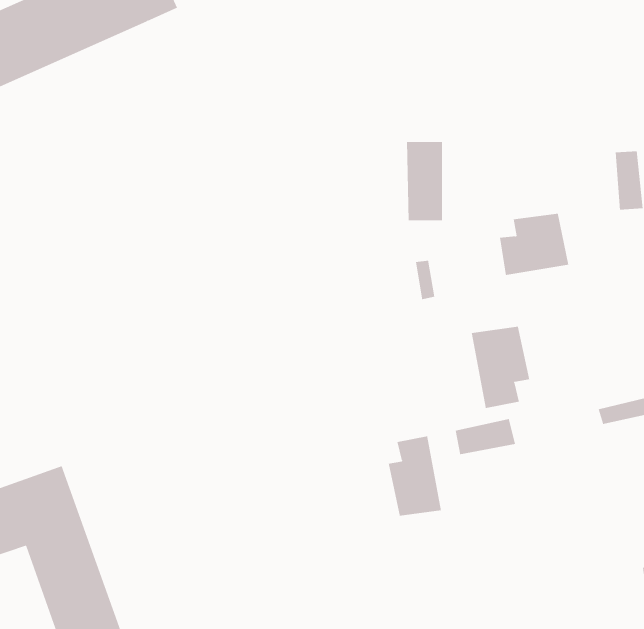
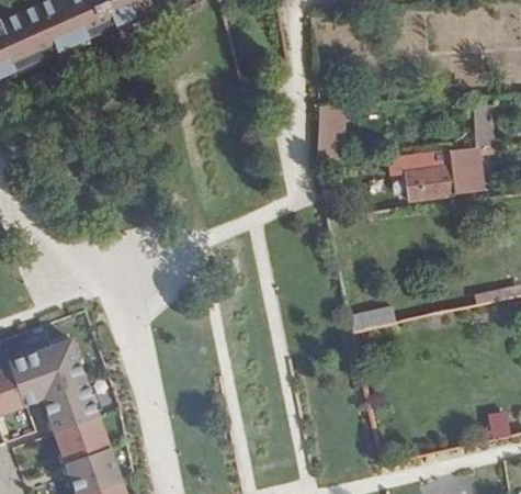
building: none -> [428,156,464,194]
building: [471,326,530,409] -> none
building: [388,435,442,517] -> none

